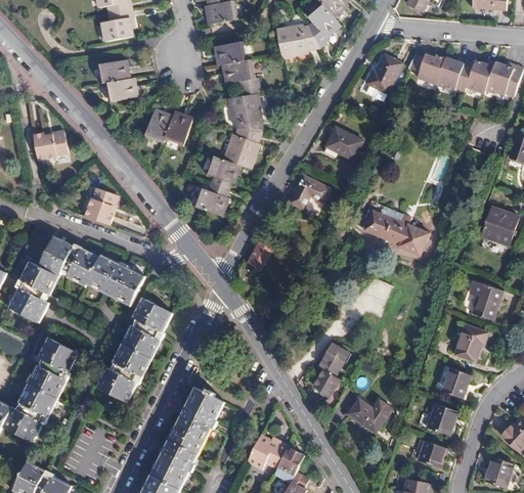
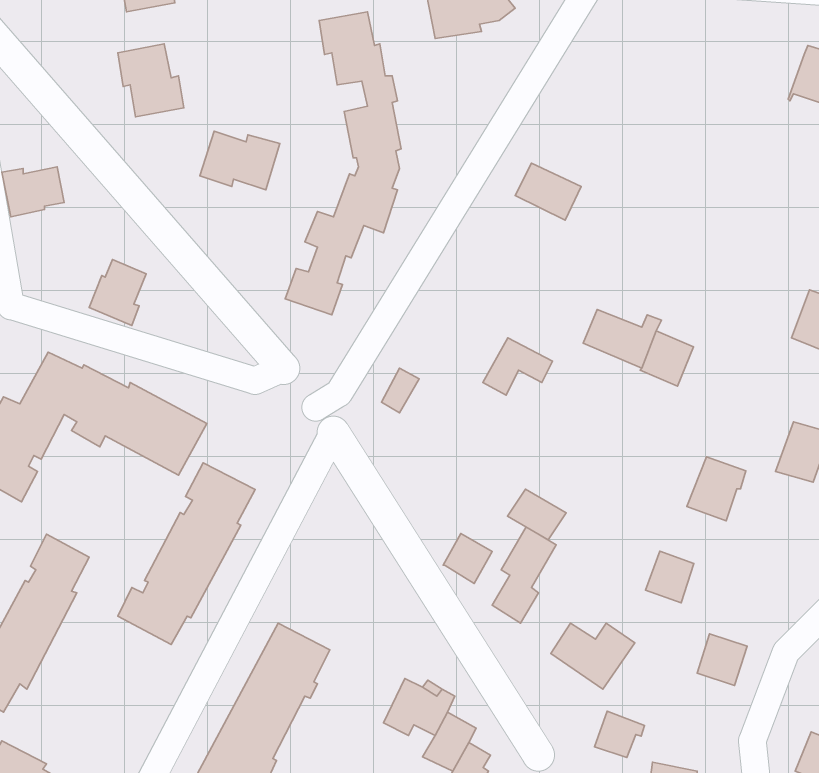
building: [365,54,403,94] -> none
building: [410,56,491,92] -> none
building: [291,178,331,211] -> [483,338,552,395]
building: none -> [507,489,566,540]
building: [456,318,490,355] -> [687,457,746,521]
building: none -> [443,533,492,583]
building: [443,362,471,392] -> [646,551,694,603]
building: [418,434,446,460] -> [595,711,645,758]

